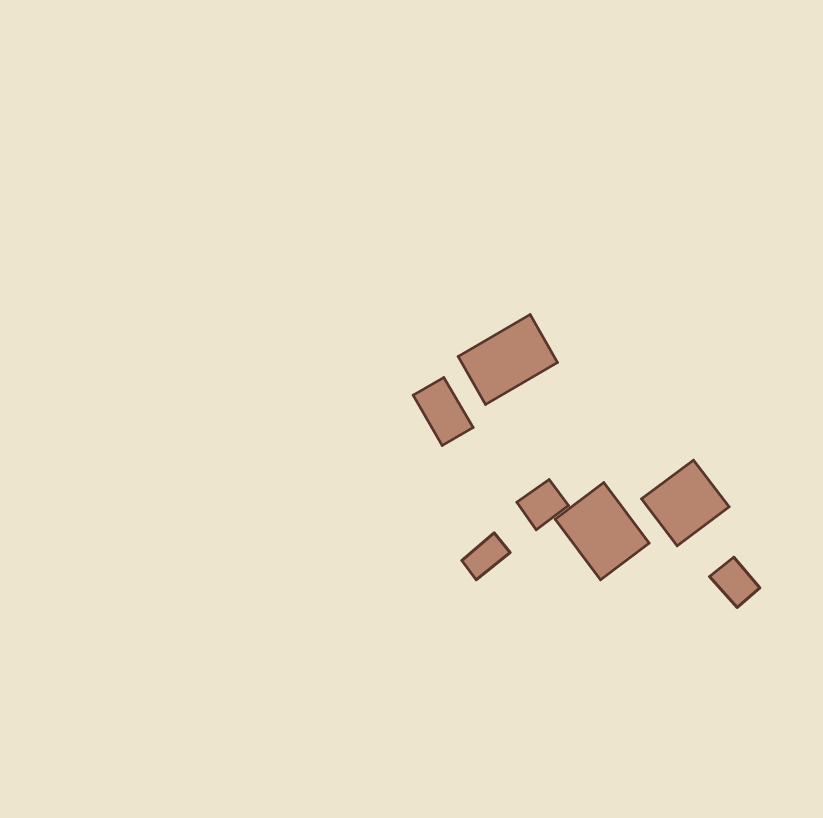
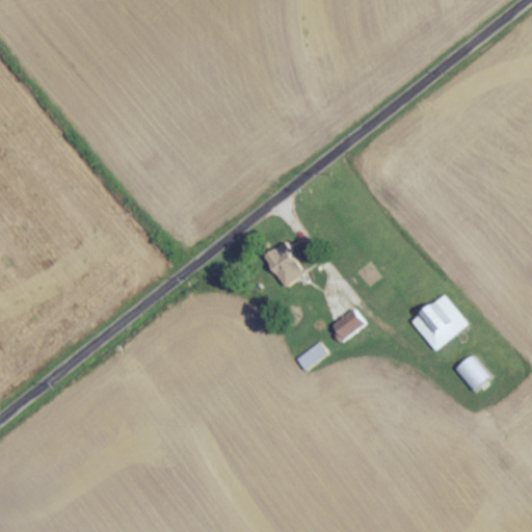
building: [458,315,558,404] -> none
building: [555,483,649,580] -> none

